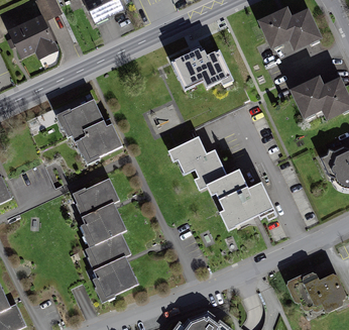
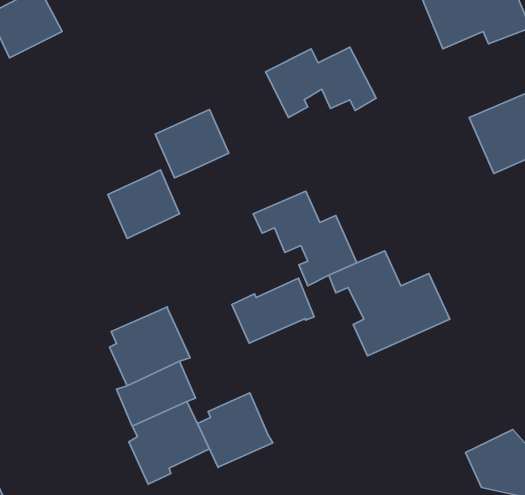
building: [61,99,103,138] -> [155,109,229,178]
building: [71,177,118,214] -> [232,278,314,343]
building: none -> [198,393,273,468]

